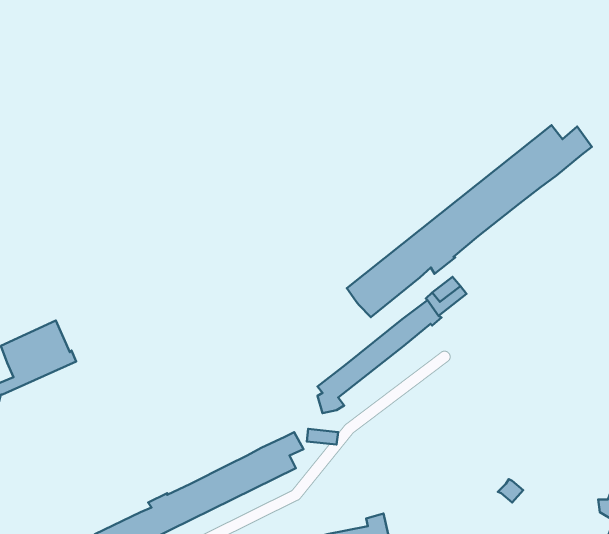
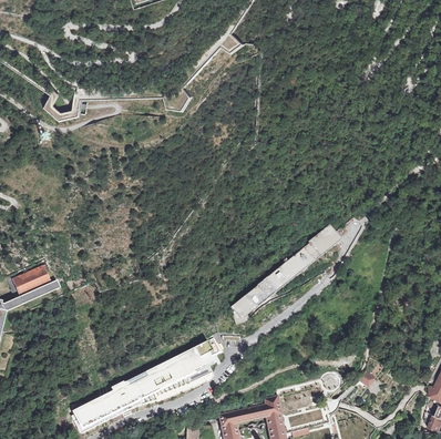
building: [347,125,592,317] -> none

